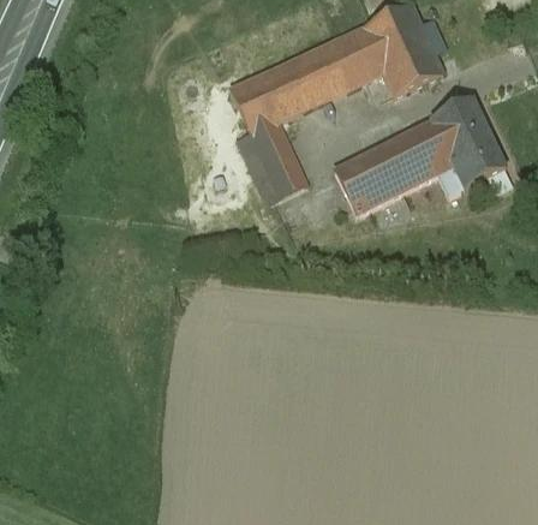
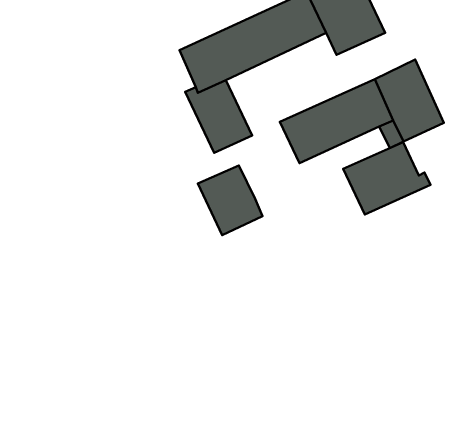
building: none -> [343,142,431,215]
building: none -> [198,165,262,235]

